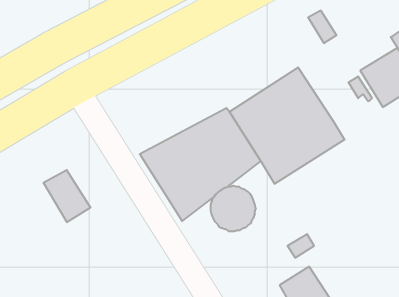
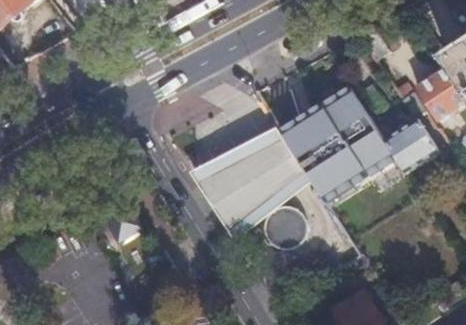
building: none -> [388,118,440,170]

